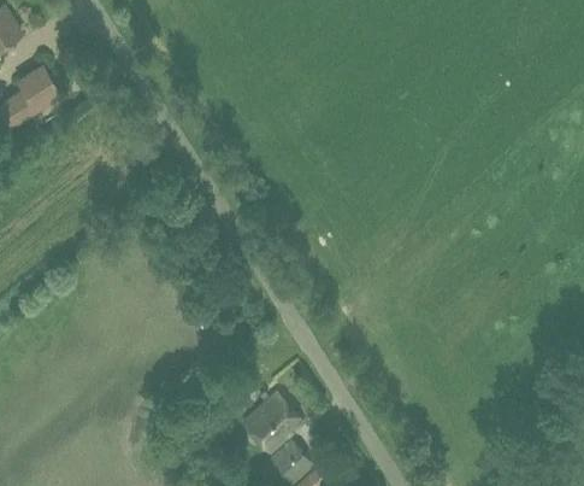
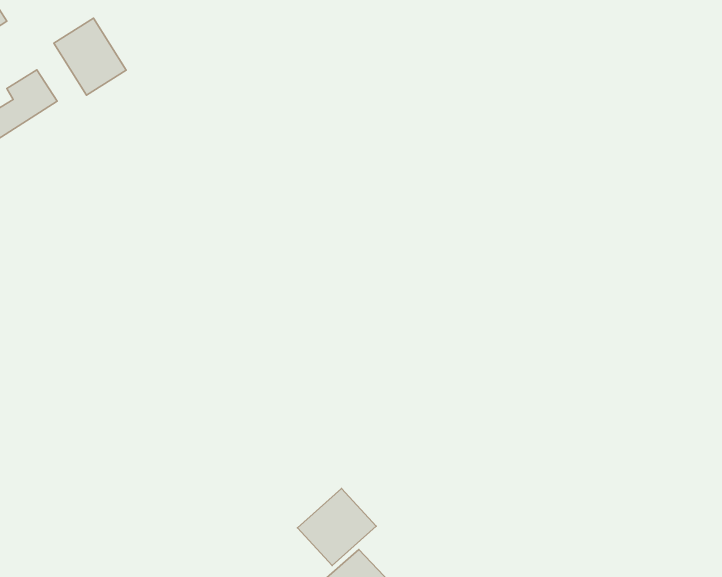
building: none -> [54,18,126,95]

